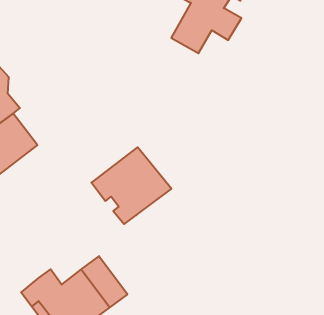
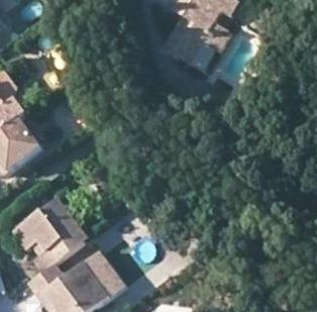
building: [91,147,171,224] -> [12,200,86,271]

